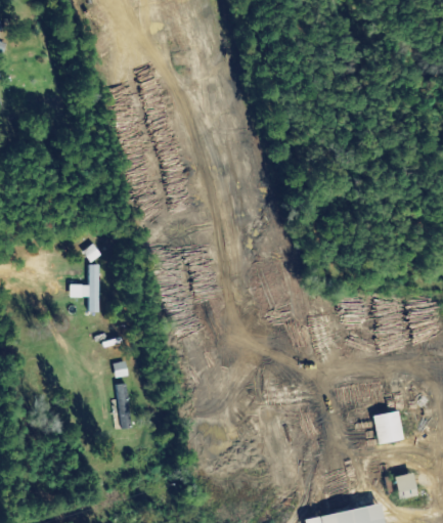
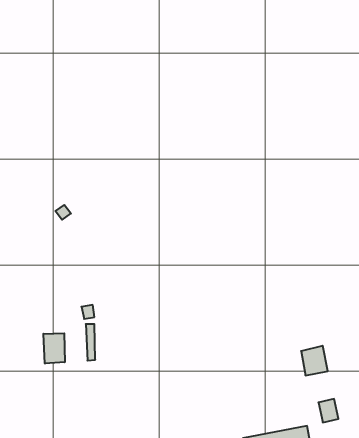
building: [70,265,100,313] -> none
building: none -> [43,333,65,364]

